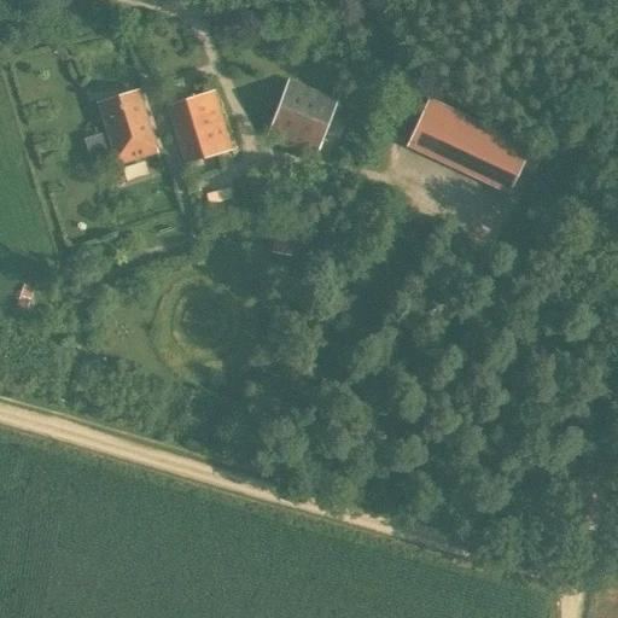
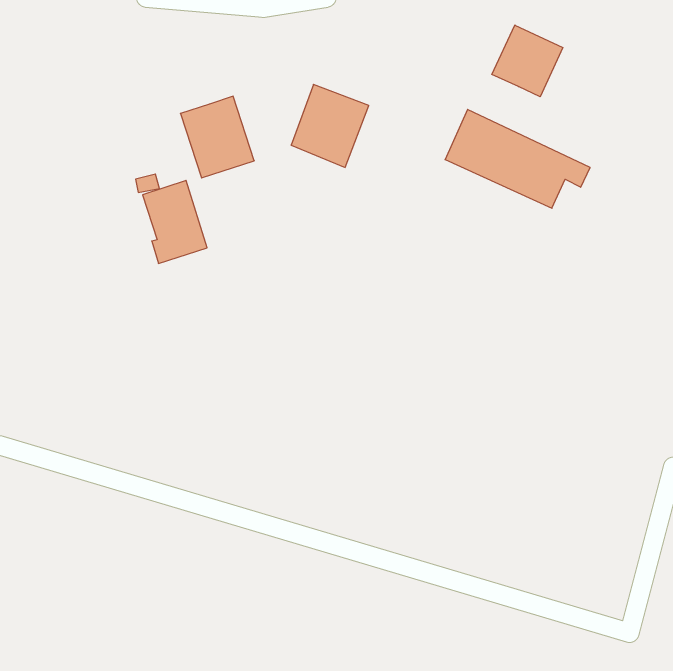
building: none -> [492,25,563,97]
building: [98,89,157,165] -> [143,180,207,263]

